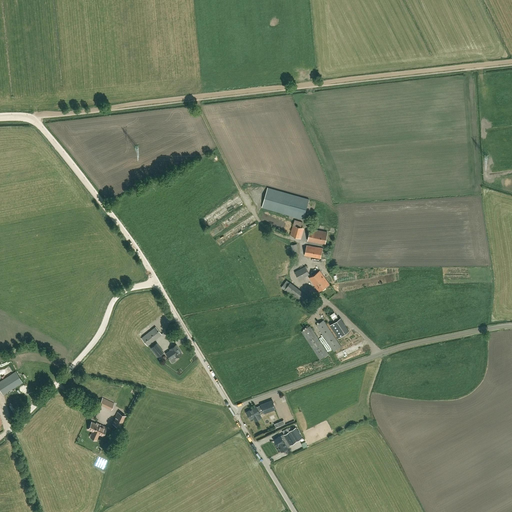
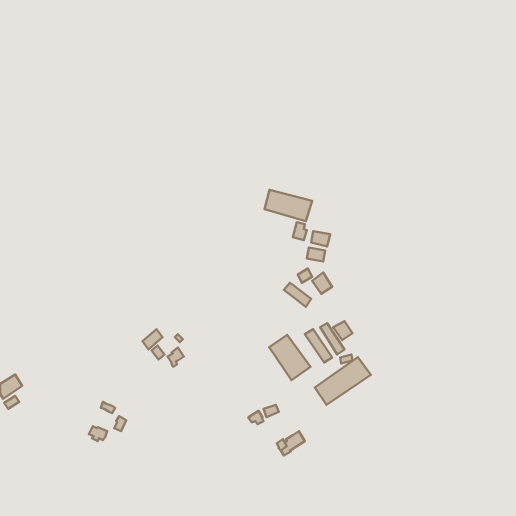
building: none -> [269,335,310,380]
building: none -> [315,357,371,405]

